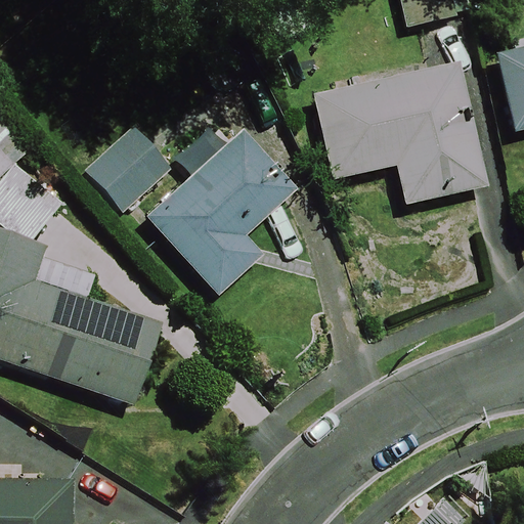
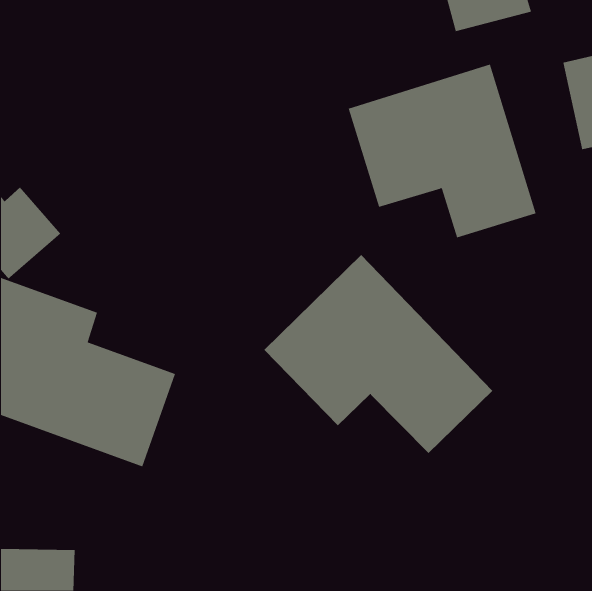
building: [71,101,300,296] -> none
building: none -> [263,254,493,454]

